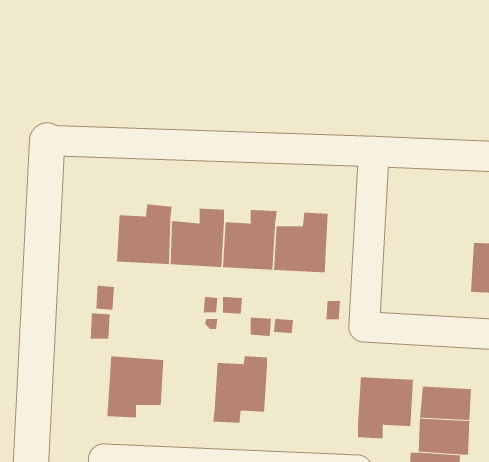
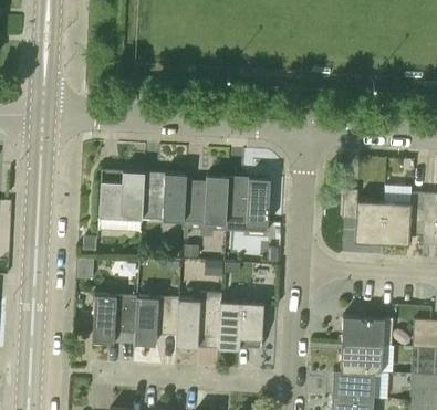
building: none -> [343,190,385,242]
building: none -> [135,296,179,345]
building: [357,377,414,439] -> [218,301,263,350]

